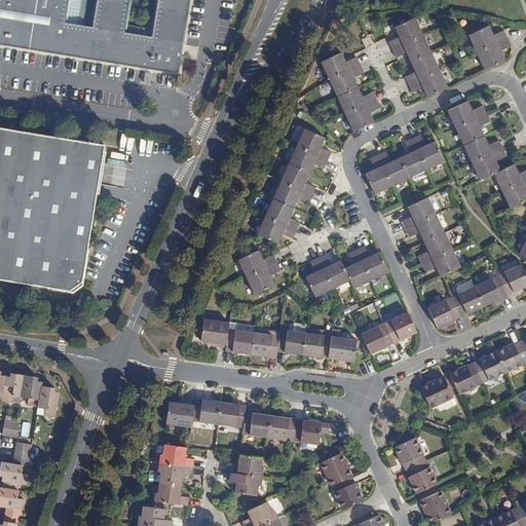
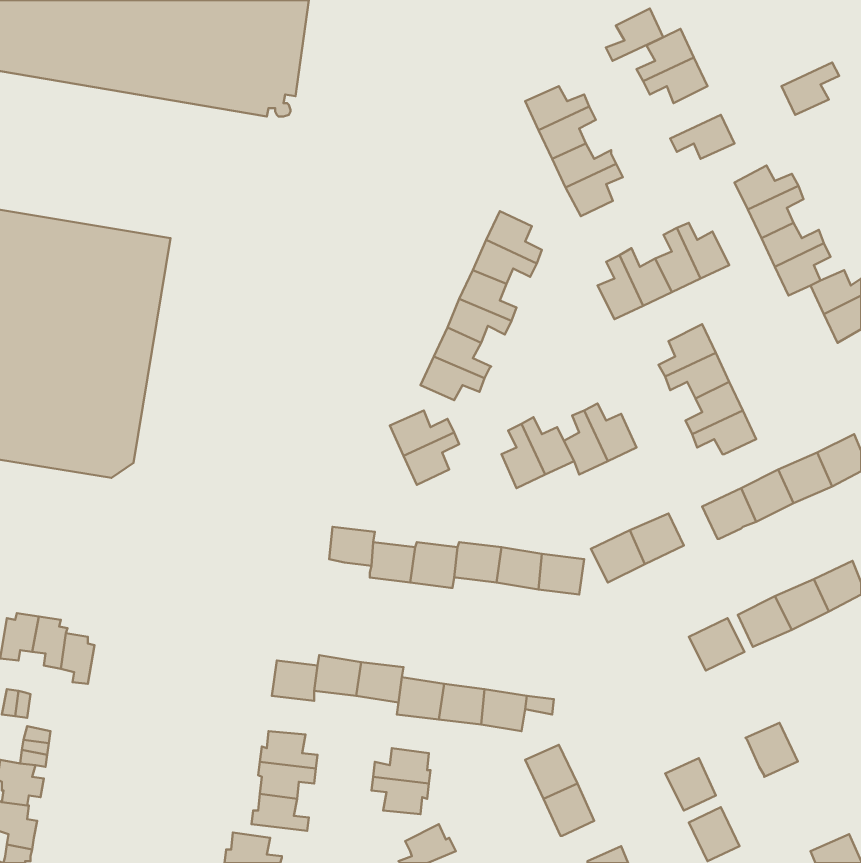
building: [467,26,506,52] -> none
building: [404,52,439,84] -> [606,9,663,61]
building: [393,438,425,471] -> [746,723,798,777]

